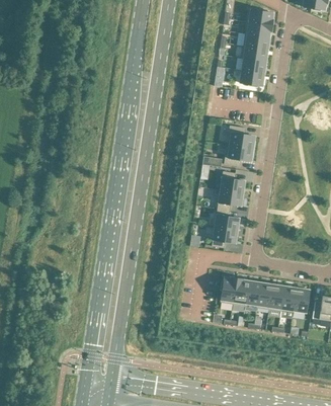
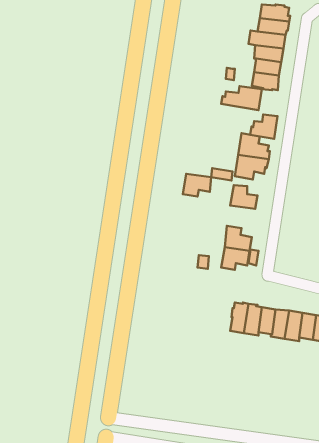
building: none -> [221,86,262,110]
building: none -> [250,114,278,139]
building: [218,190,243,211] -> [183,174,211,196]

